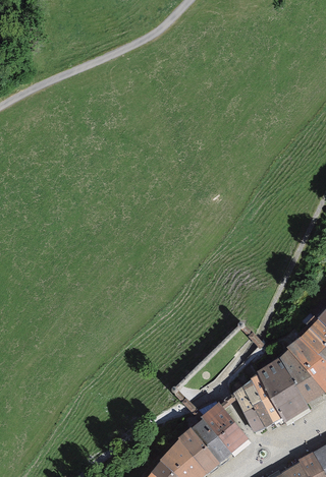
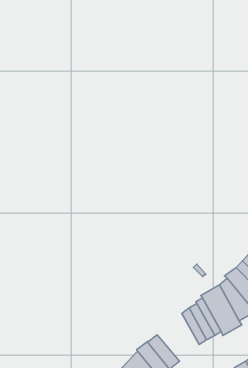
building: [202,404,249,453] -> none

